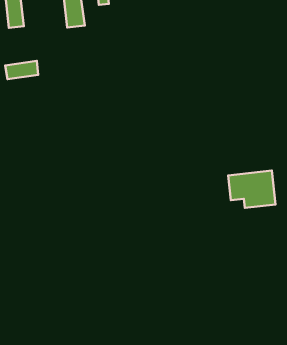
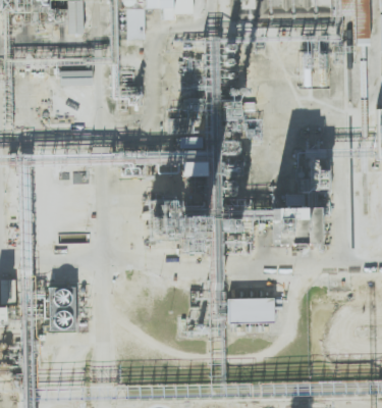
building: none -> [227,294,272,319]

